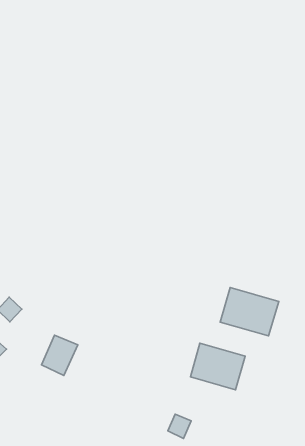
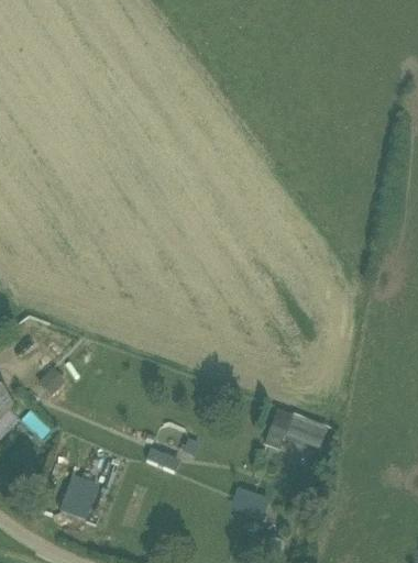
building: [220,288,279,336] -> none
building: [42,335,78,376] -> [59,475,100,521]

